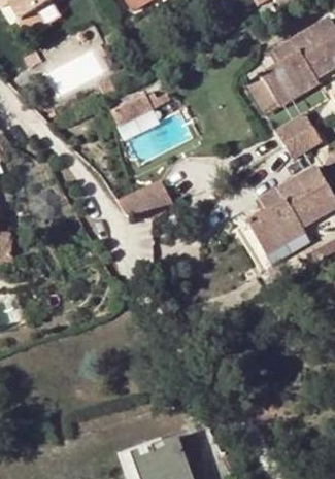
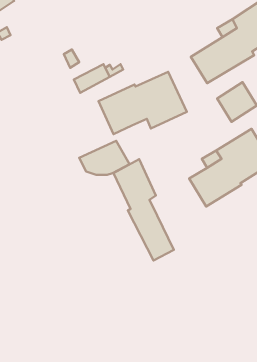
building: none -> [98,72,187,134]
building: none -> [113,159,174,260]

